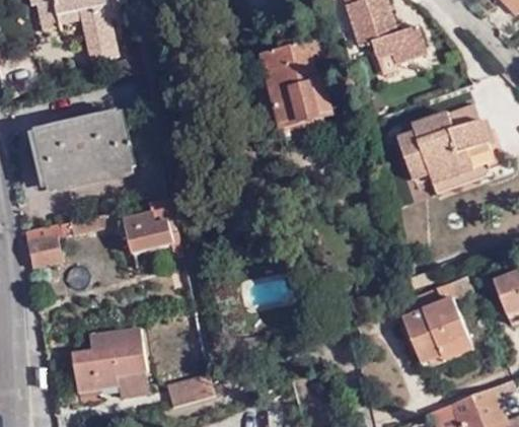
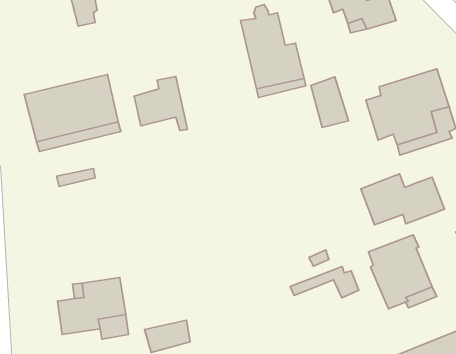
building: none -> [311,77,349,128]
building: [124,199,180,257] -> [134,76,187,130]
building: none -> [361,174,445,225]
building: [23,222,61,265] -> none
building: none -> [290,267,359,298]

